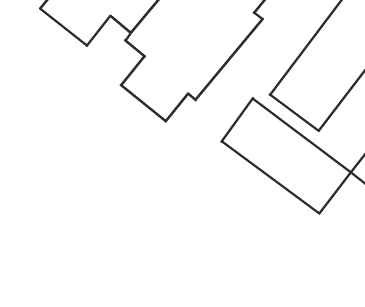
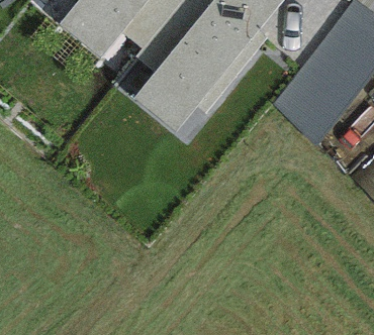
building: [222,98,351,213] -> none

